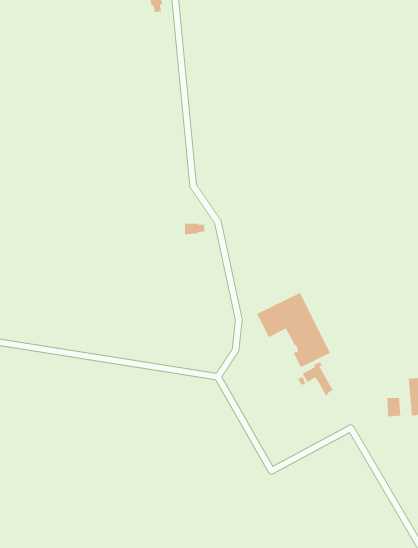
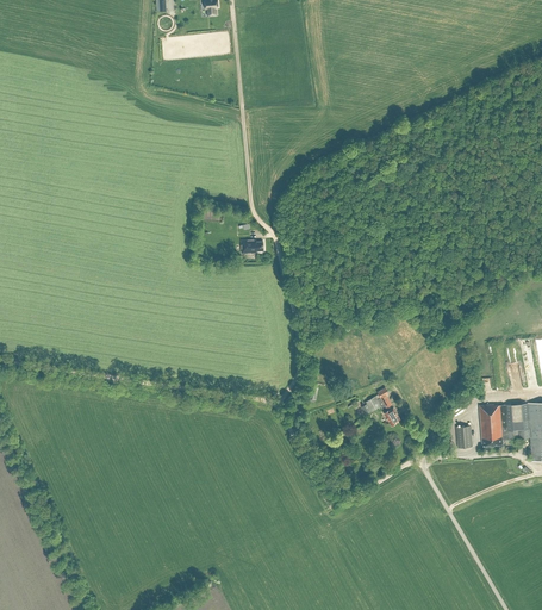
building: [256,292,331,368] -> none

